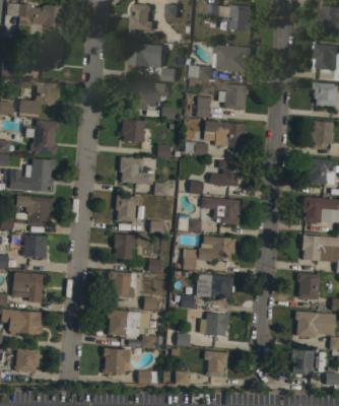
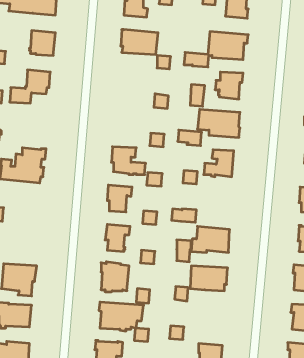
building: [123,81,171,110] -> none
building: [122,119,146,142] -> none
building: [25,121,59,154] -> none
building: [16,195,53,226] -> none
building: [202,197,241,225] -> none
building: [23,234,48,259] -> none
building: [200,313,229,337] -> none

